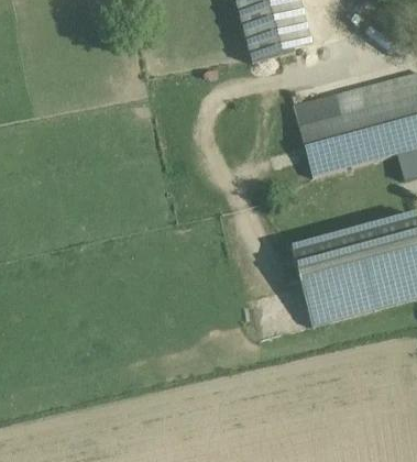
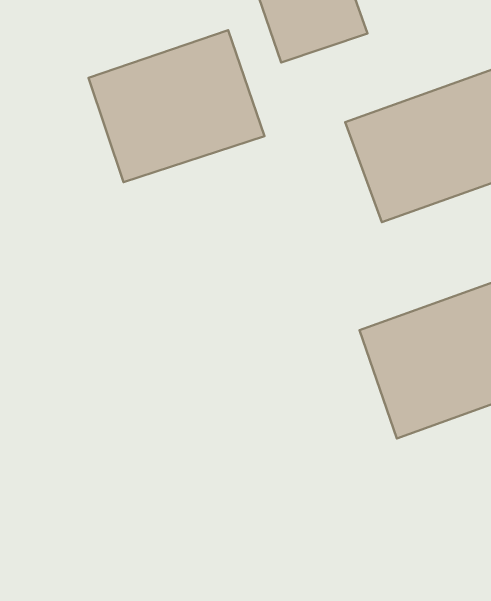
building: none -> [88,30,265,182]

